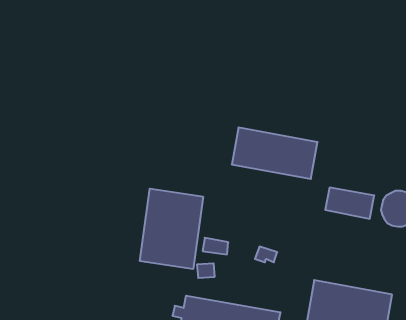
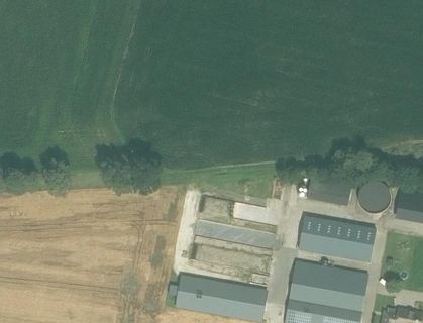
building: [232,128,318,179] -> [298,216,376,262]
building: [140,189,203,269] -> none

